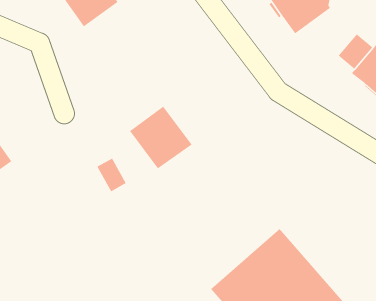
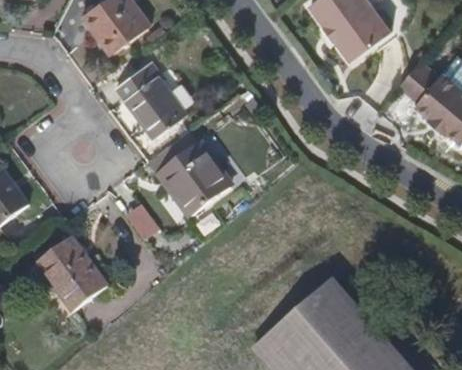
building: none -> [116,65,185,138]
building: none -> [36,237,108,312]

